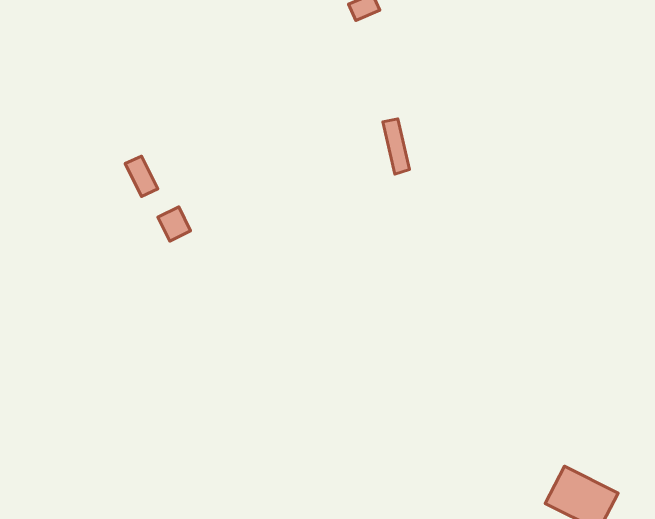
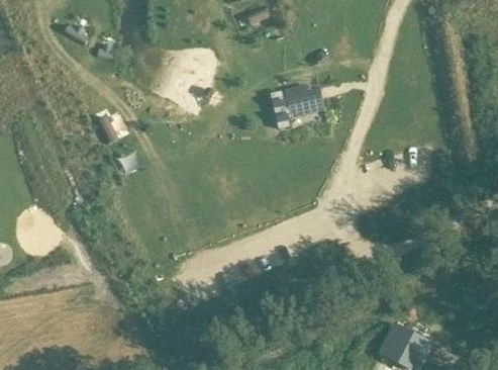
building: none -> [285,84,311,115]

